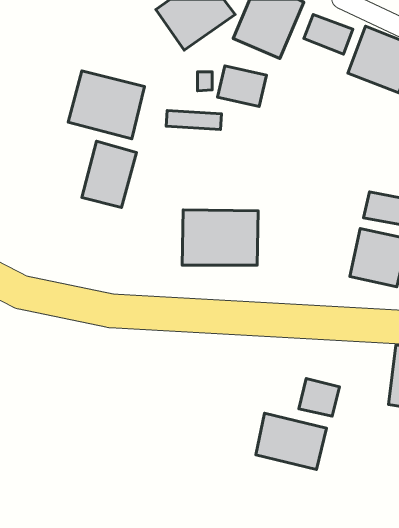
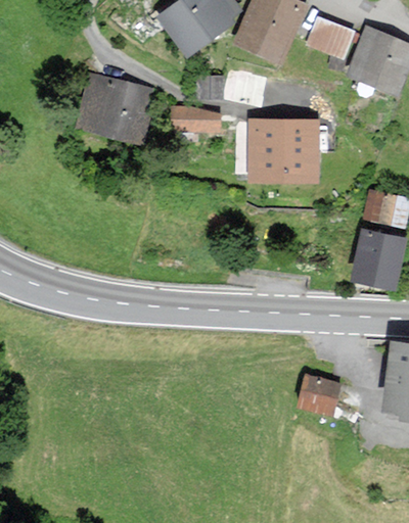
building: [82,141,137,208] -> none
building: [182,210,258,265] -> [246,121,321,175]
building: [256,413,327,469] -> none

